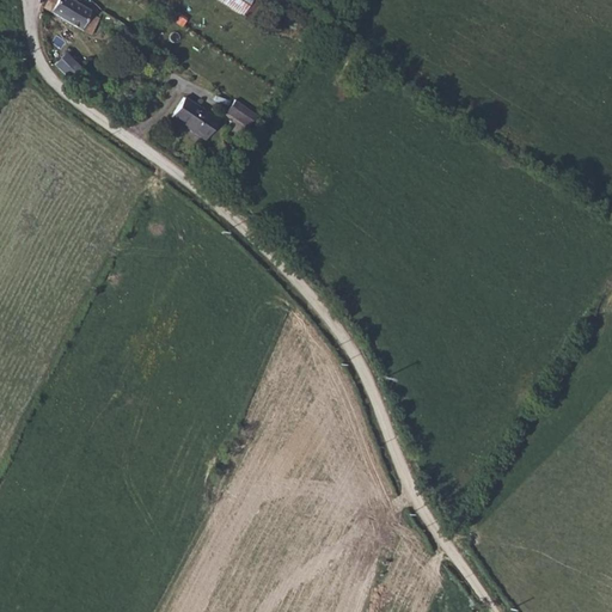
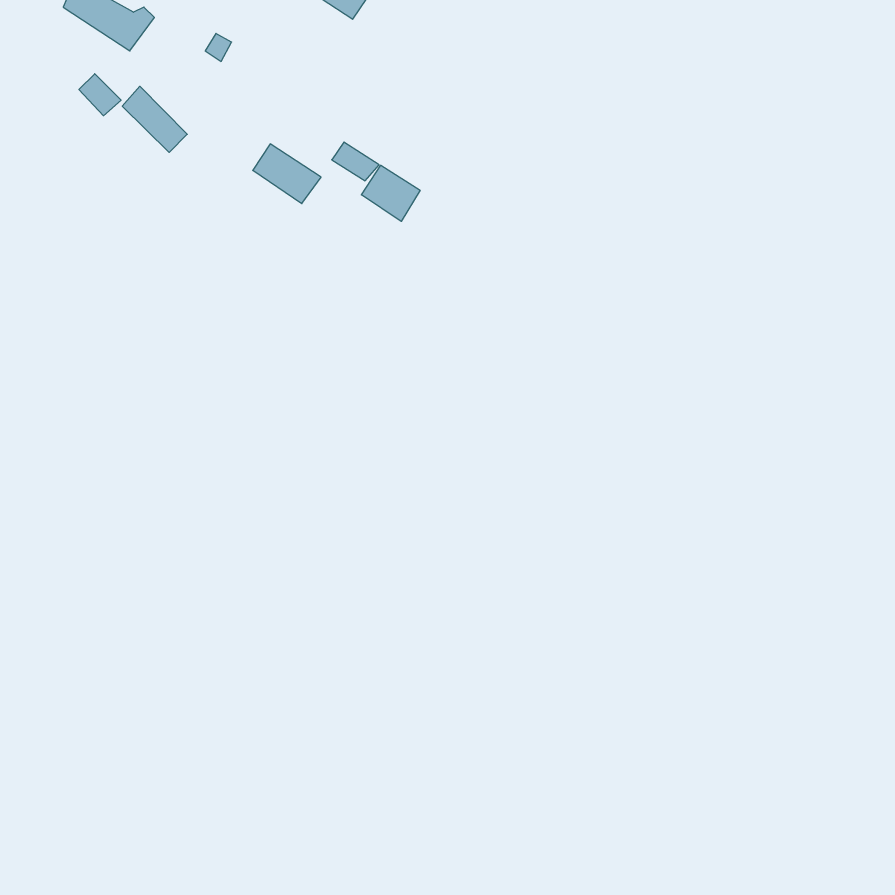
building: none -> [122,86,187,152]
building: none -> [361,165,420,221]

